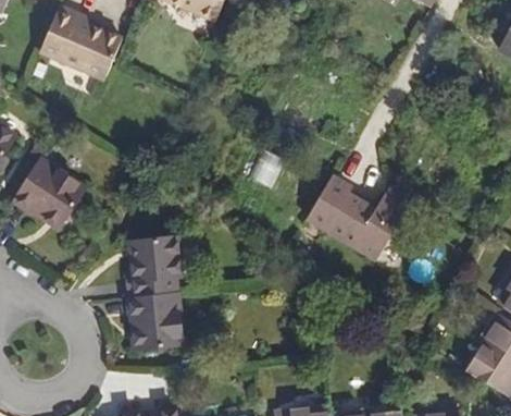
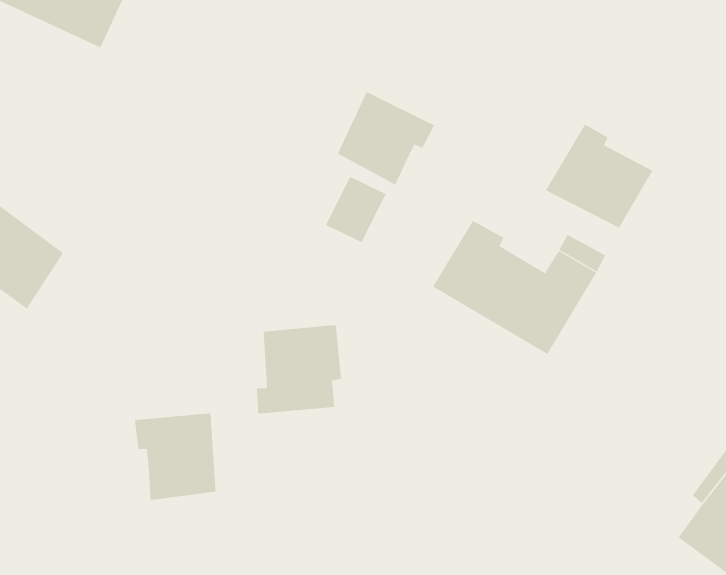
building: none -> [337,91,435,185]
building: none -> [545,124,653,228]
building: [126,243,179,298] -> [256,325,342,414]

